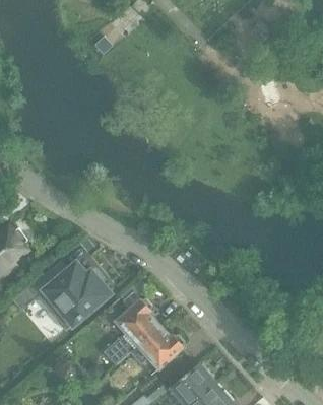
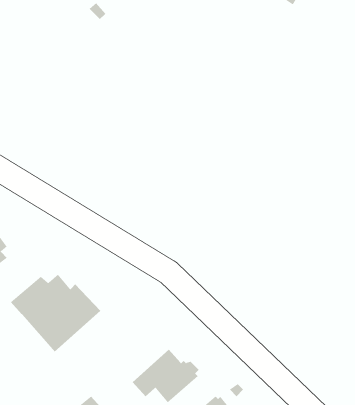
building: [106,291,160,364] -> none

